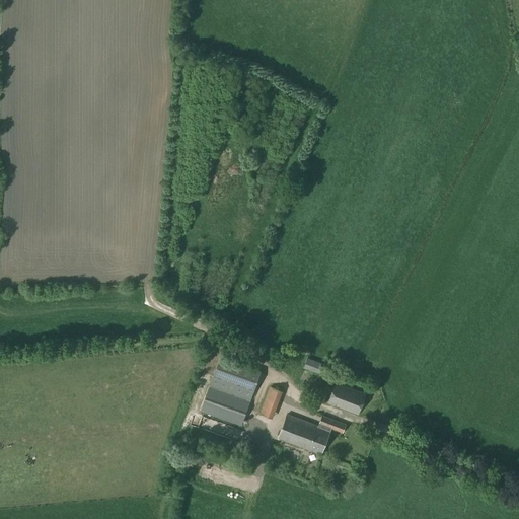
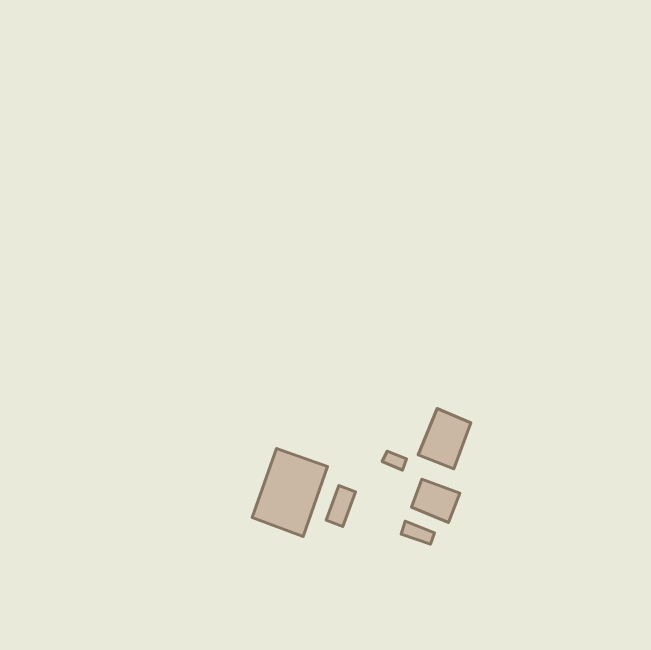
building: none -> [418,409,471,469]
building: [278,416,330,455] -> none

